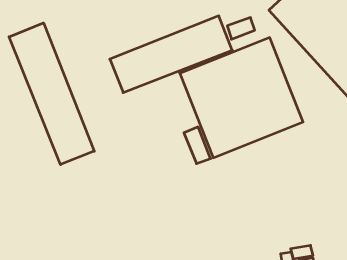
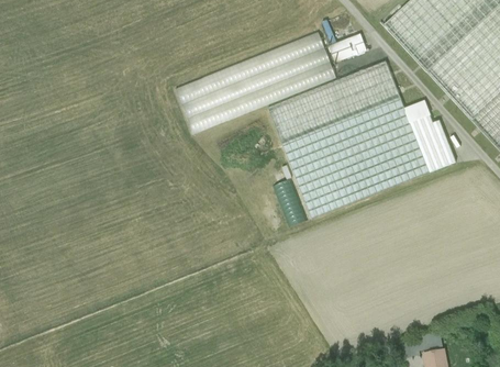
building: [9,23,94,165] -> none
building: none -> [410,114,456,171]

